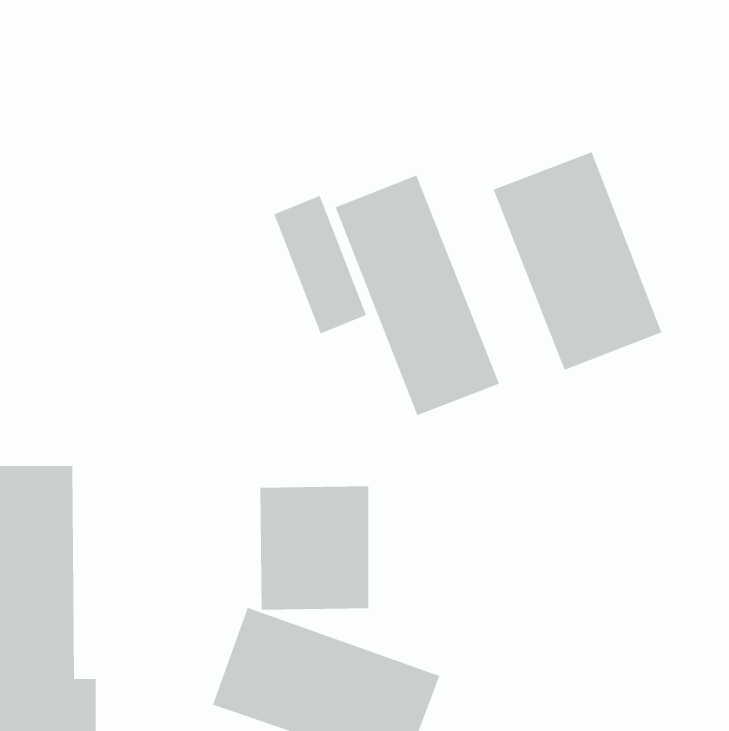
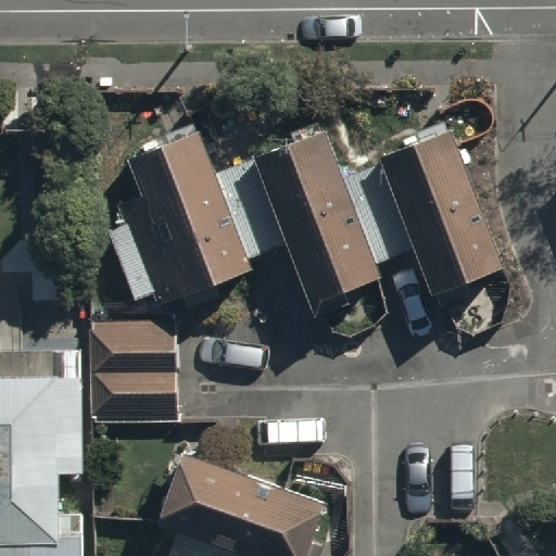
building: none -> [105,124,243,296]
building: [259,486,369,610] -> [99,331,180,424]

